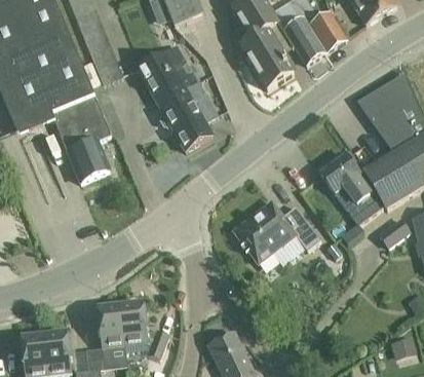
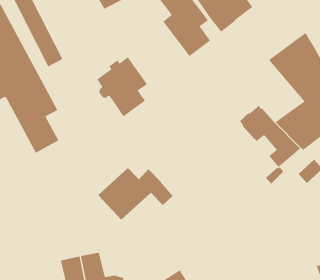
building: [138,45,197,104] -> none
building: [233,201,320,262] -> [97,167,174,221]

